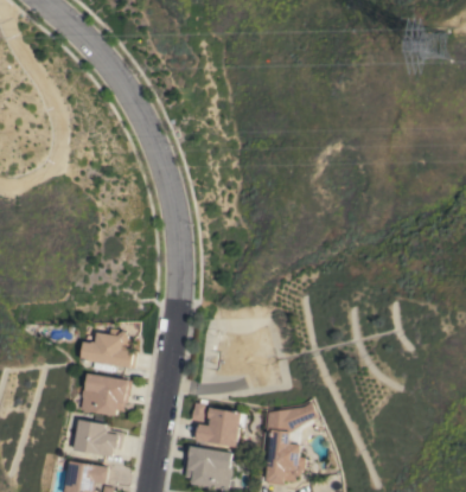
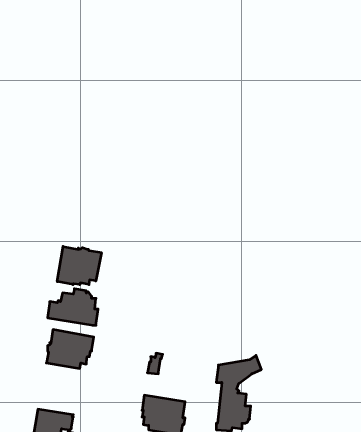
building: none -> [57,246,101,285]
building: [196,409,245,448] -> none
building: [71,420,122,458] -> none

